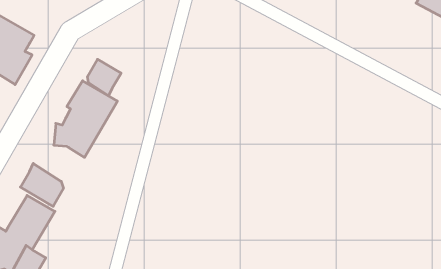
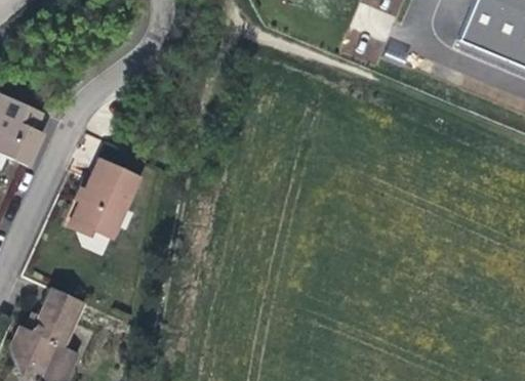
building: [88,59,121,96] -> none
building: [20,163,63,206] -> none

